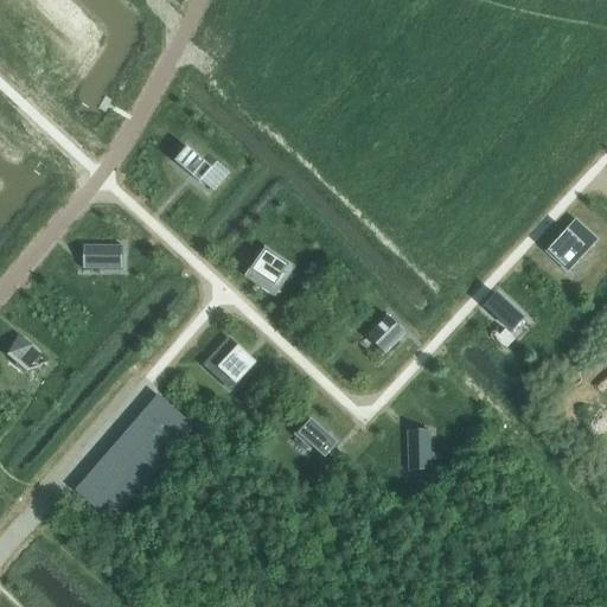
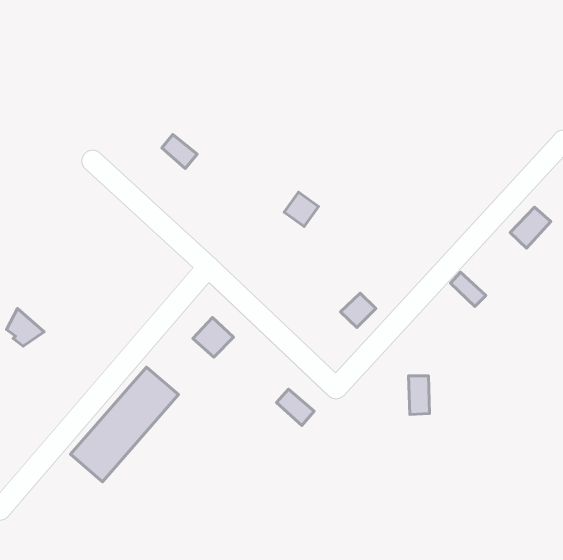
building: [89,244,122,267] -> none
building: [251,250,288,287] -> [284,192,318,226]
building: [408,429,430,471] -> [409,376,430,414]

